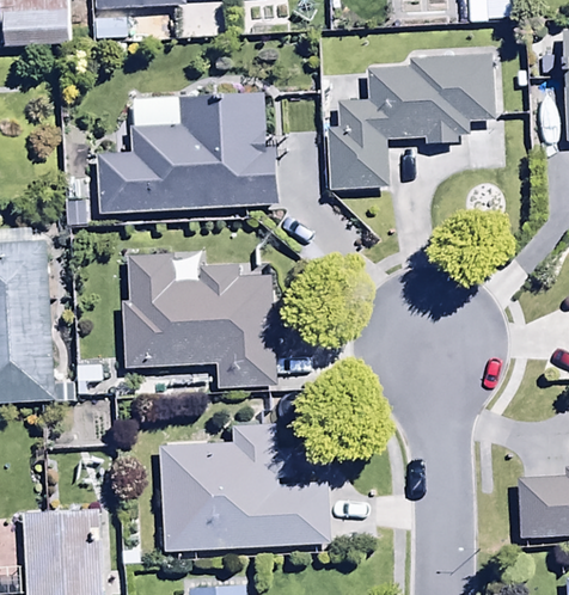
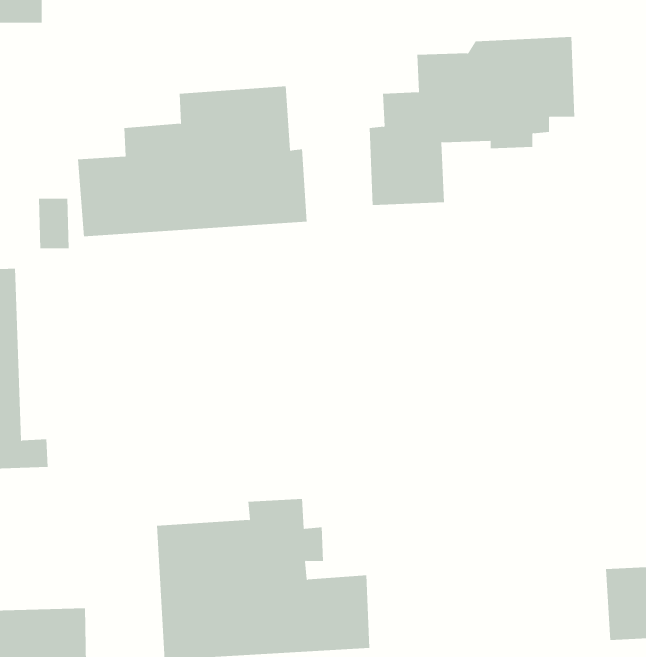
building: [123,253,287,385] -> none

